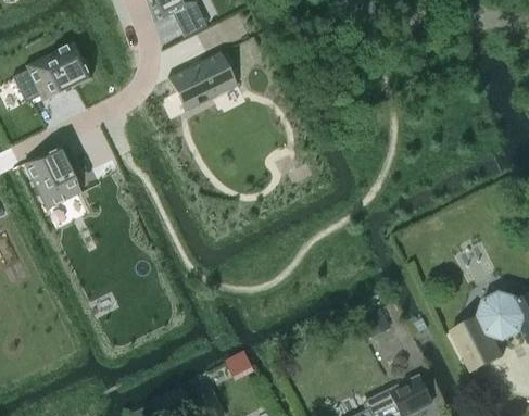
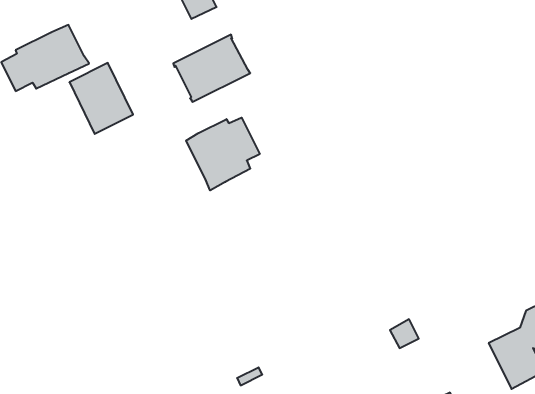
building: none -> [186,118,260,190]
building: [23,146,80,210] -> [69,63,133,134]

